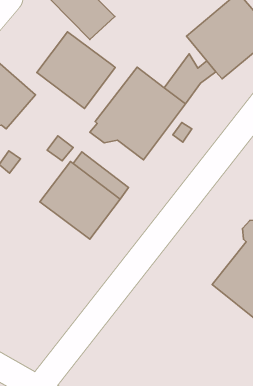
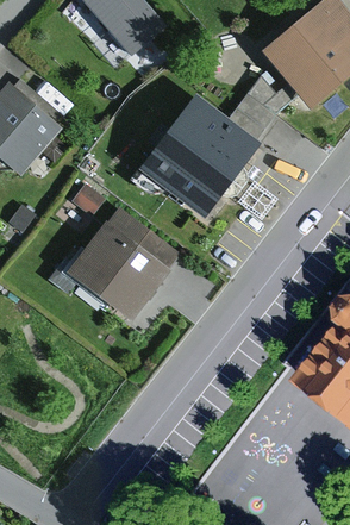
building: [37,32,115,108] -> none

